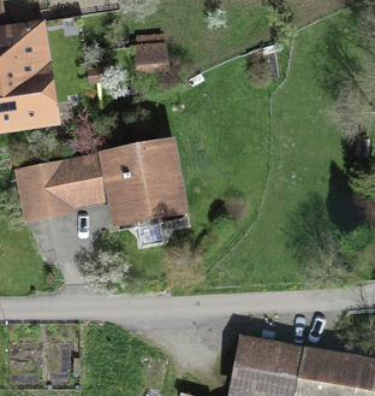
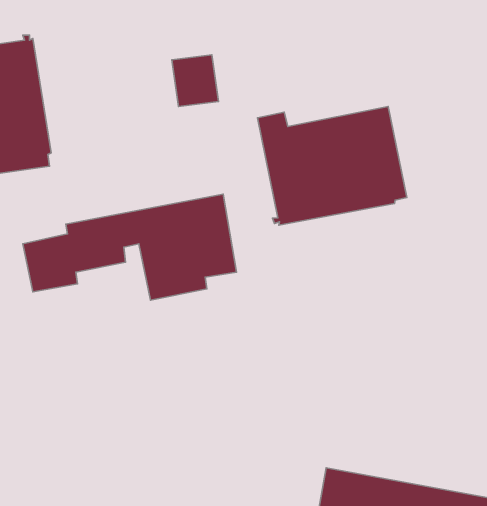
building: none -> [257,107,407,225]

